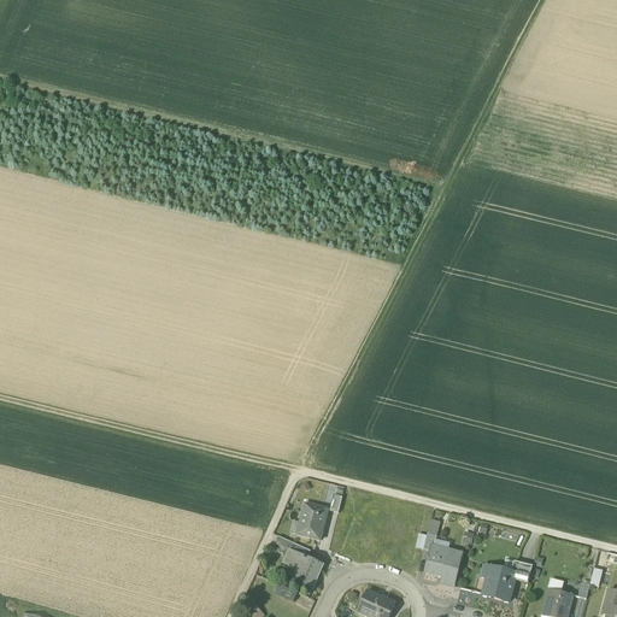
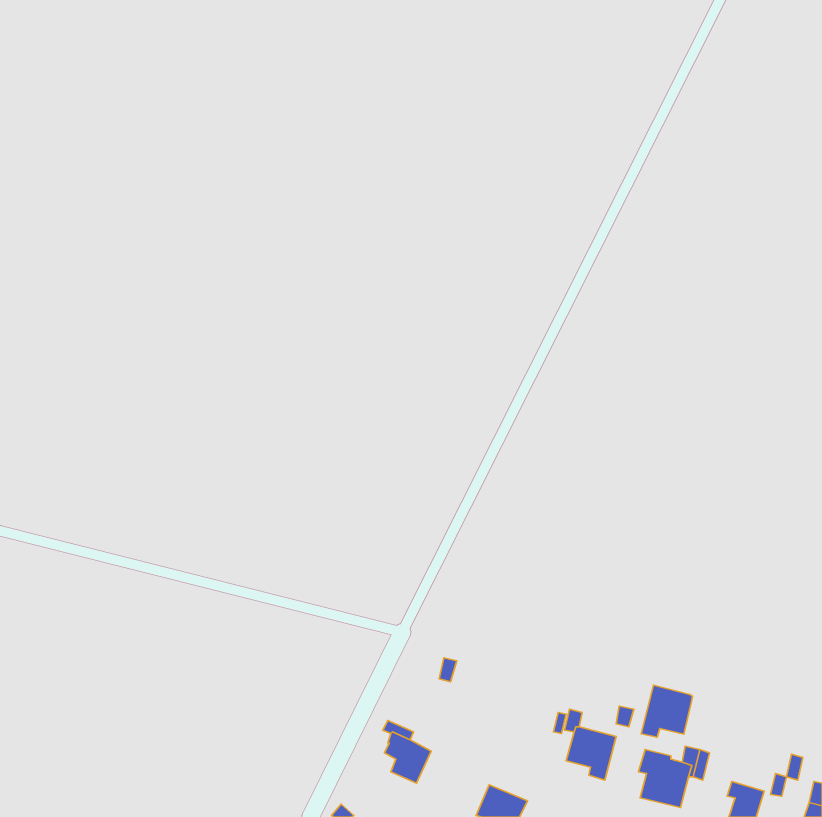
building: [296,501,327,539] -> none
building: none -> [641,685,693,737]

